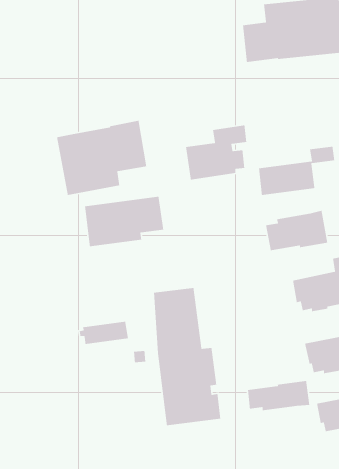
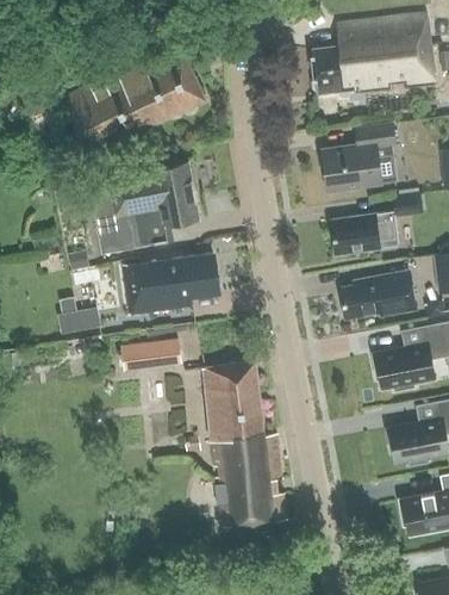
building: none -> [61,51,206,160]
building: [185,124,247,180] -> [322,123,395,190]
building: none -> [57,306,101,334]
building: [79,321,129,345] -> [124,341,183,370]
building: [247,380,310,411] -> none

